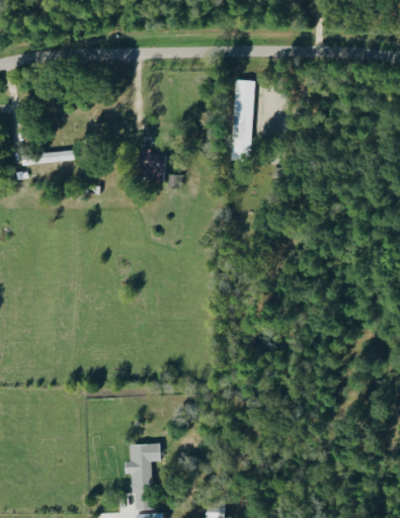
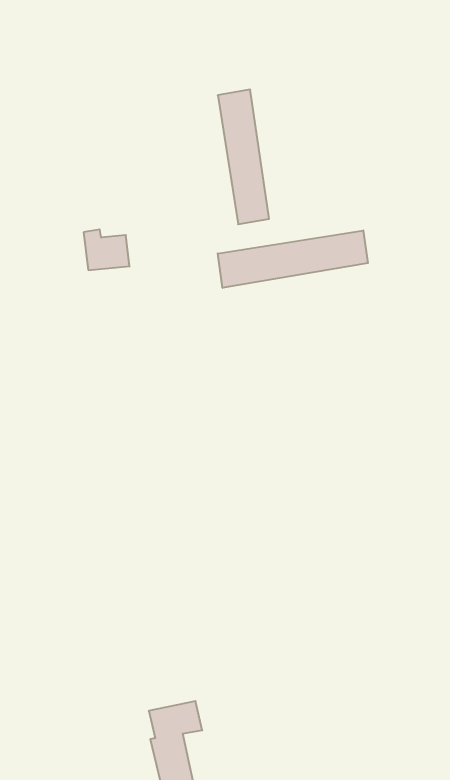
building: none -> [218,230,368,288]

